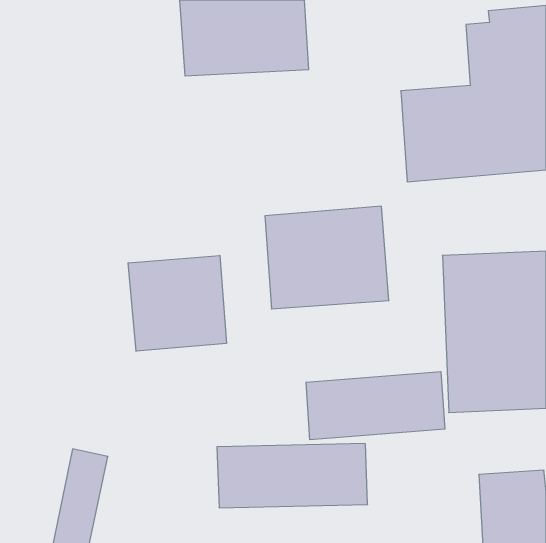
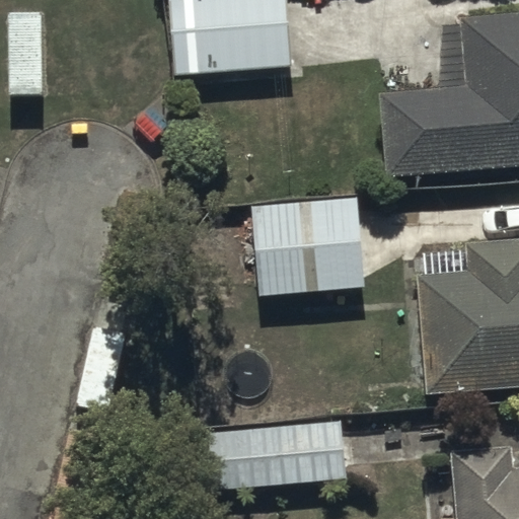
building: [128,255,226,351] -> none
building: [306,372,445,440] -> none

